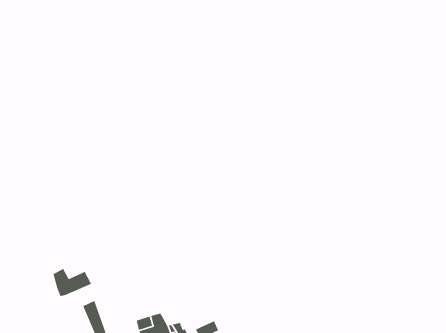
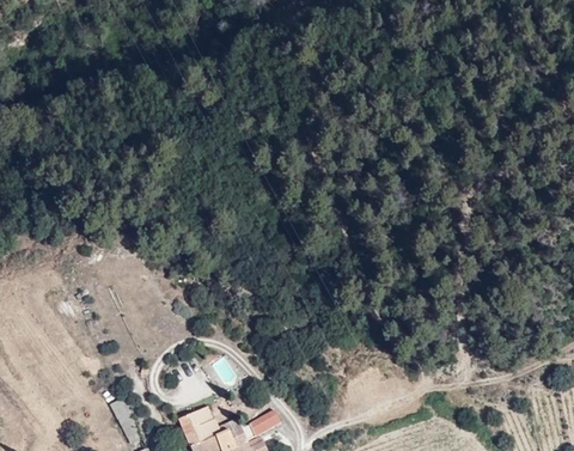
building: [52,268,92,297] -> none

